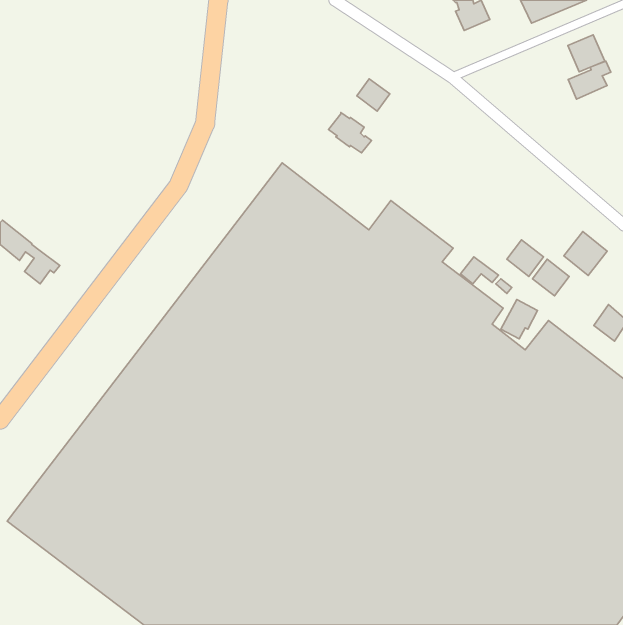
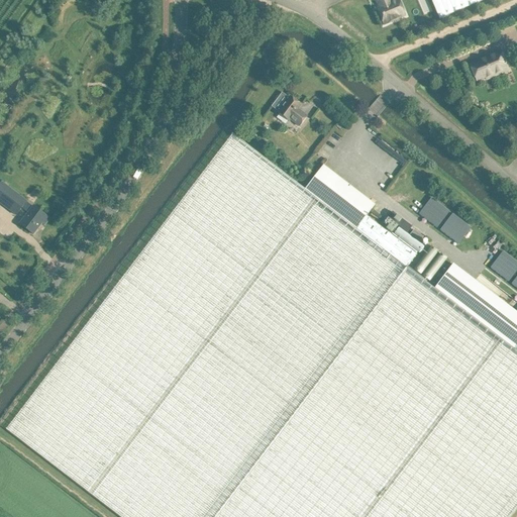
building: [568,35,605,72] -> none
building: [357,79,390,111] -> none
building: [564,232,607,275] -> none

